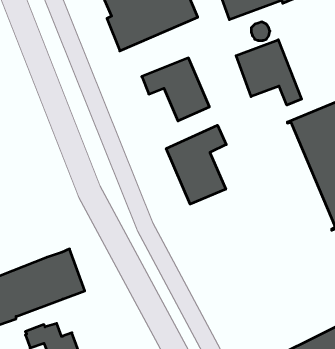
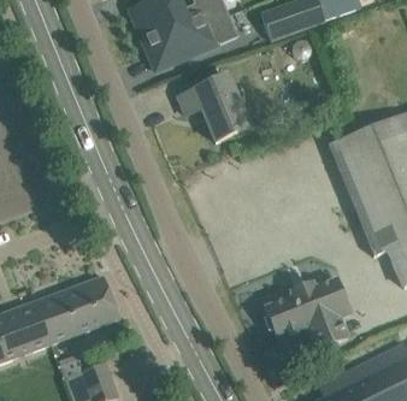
building: [236,40,302,105] -> none
building: [166,125,226,204] -> none
building: none -> [265,278,350,350]

